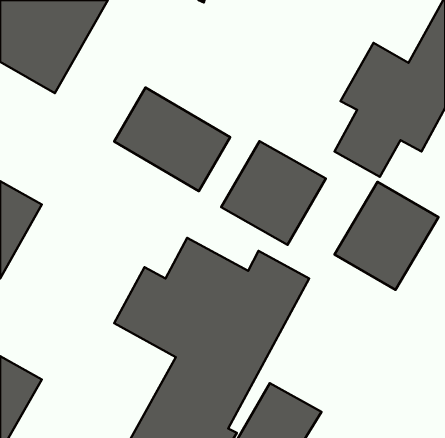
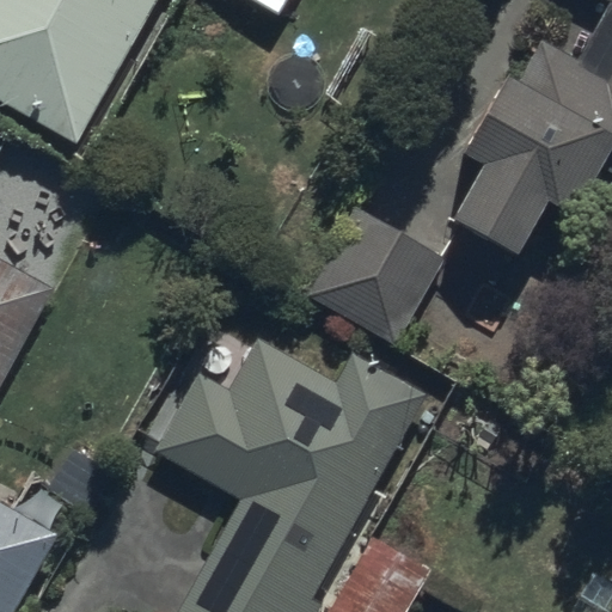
building: [114,87,230,191] -> none
building: [335,182,438,290] -> none

